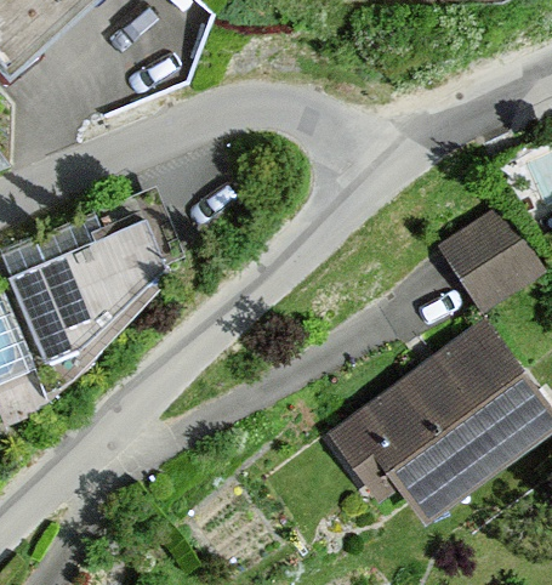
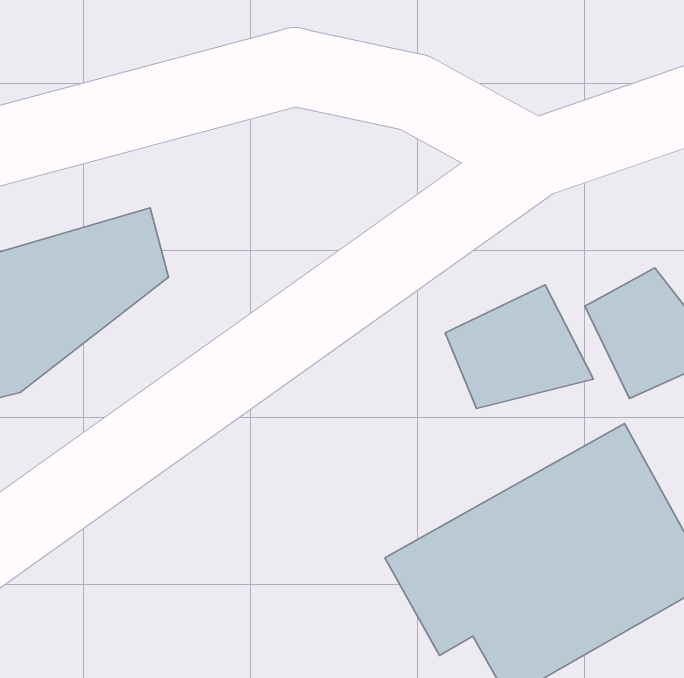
building: none -> [445,285,593,409]

